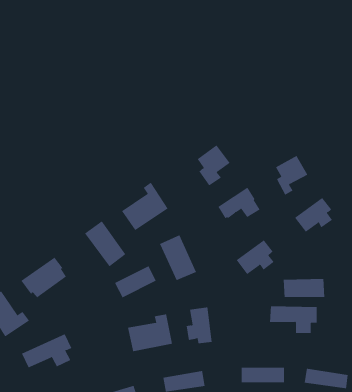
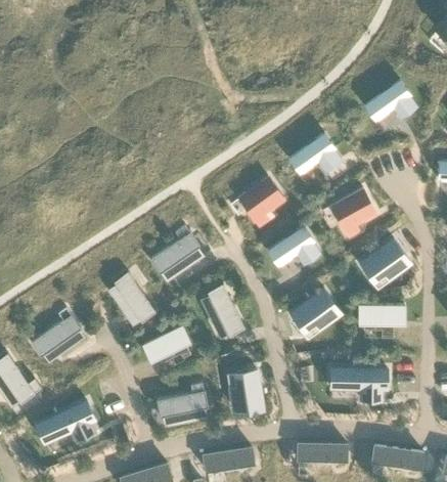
building: none -> [363,83,415,123]
building: none -> [287,136,340,176]
building: [283,279,325,298] -> [360,301,410,323]

